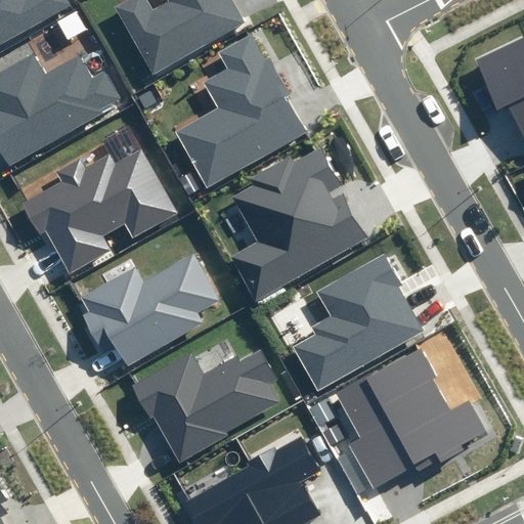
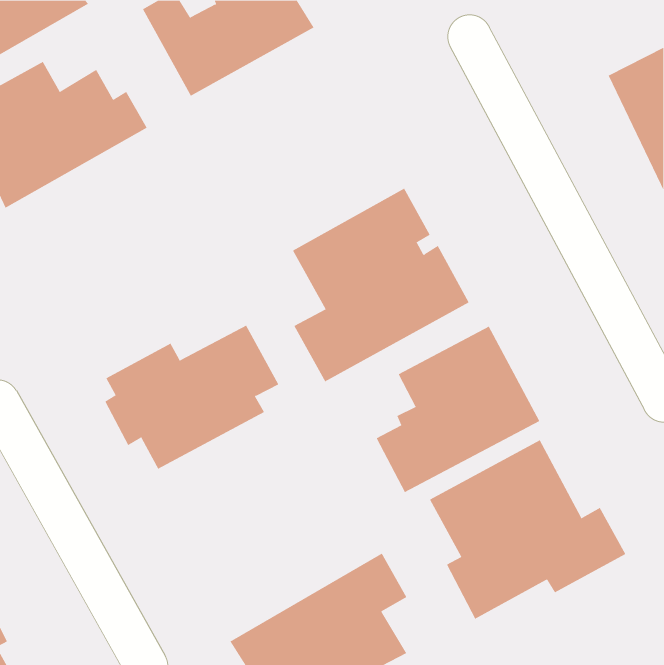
building: [174,33,304,186] -> none
building: [23,149,180,271] -> none
building: [136,347,282,461] -> none

